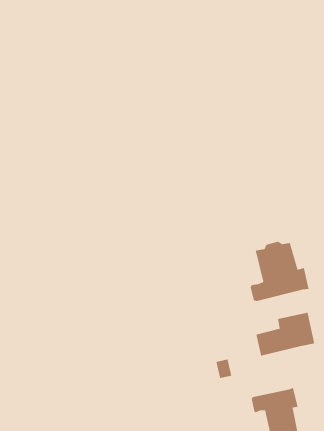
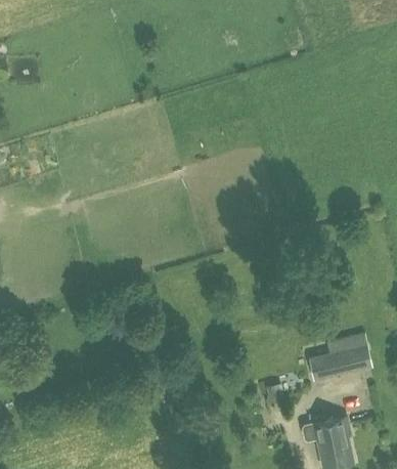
building: [250,241,309,302] -> none

